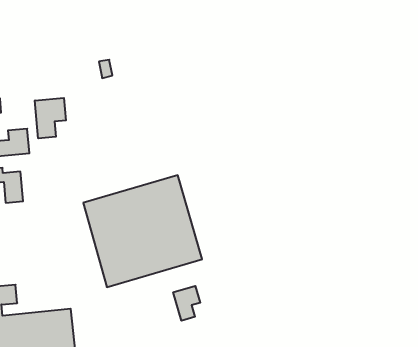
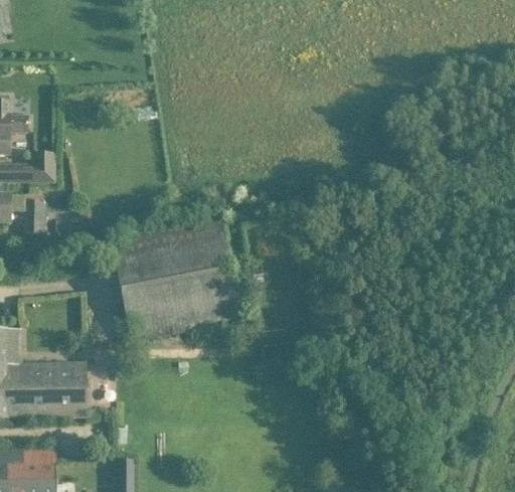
building: [35,98,66,138] -> none
building: [173,286,200,321] -> none

